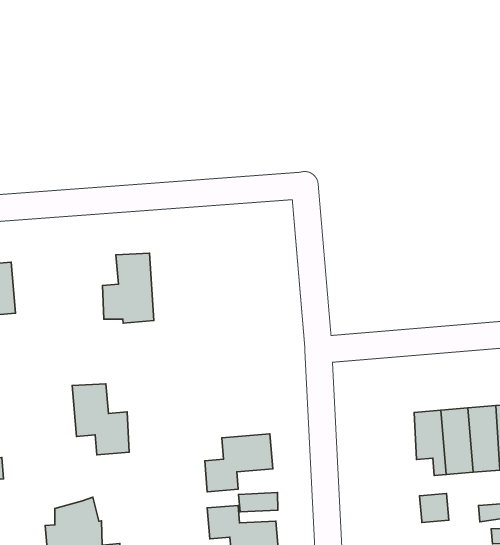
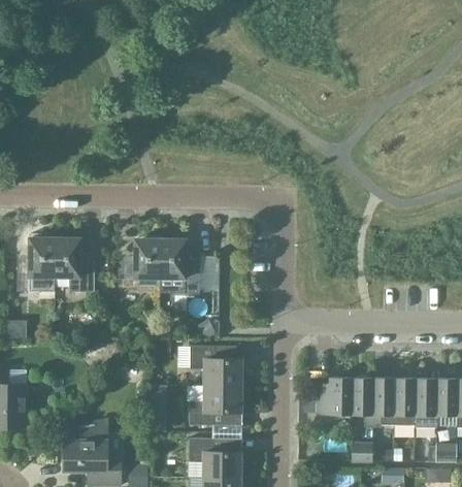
building: none -> [160,239,200,293]
building: [72,384,129,455] -> [55,237,95,292]
building: none -> [190,345,241,385]
building: none -> [318,378,353,414]

